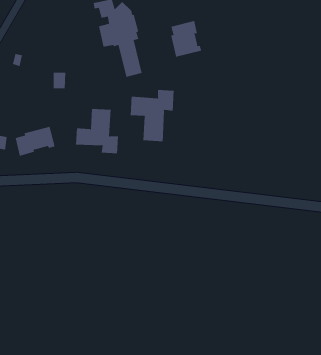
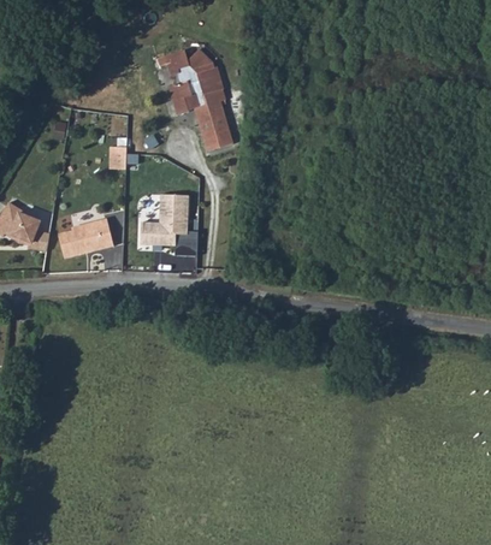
building: [170,20,202,57] -> none
building: [130,89,174,142] -> none

